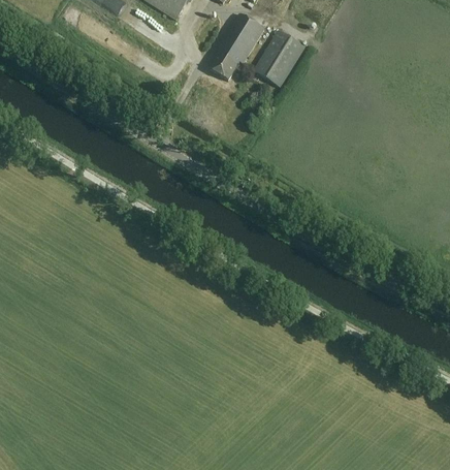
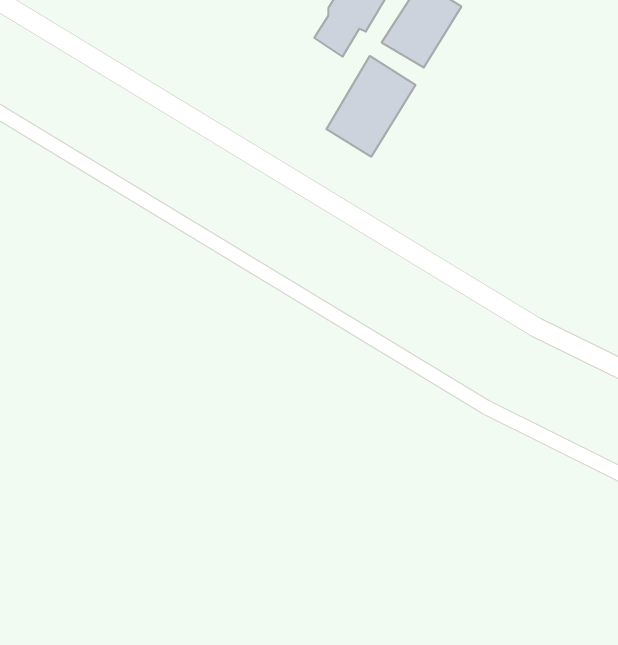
building: none -> [326,56,415,157]

